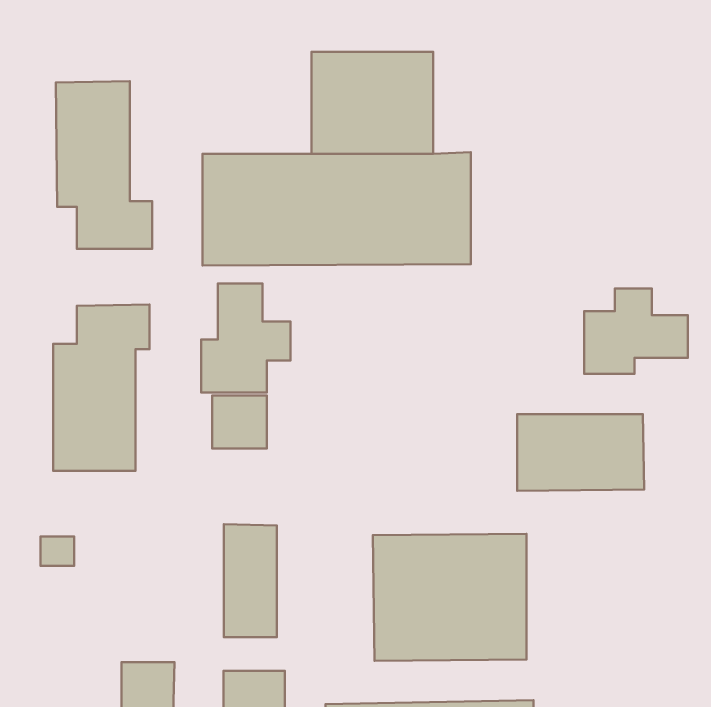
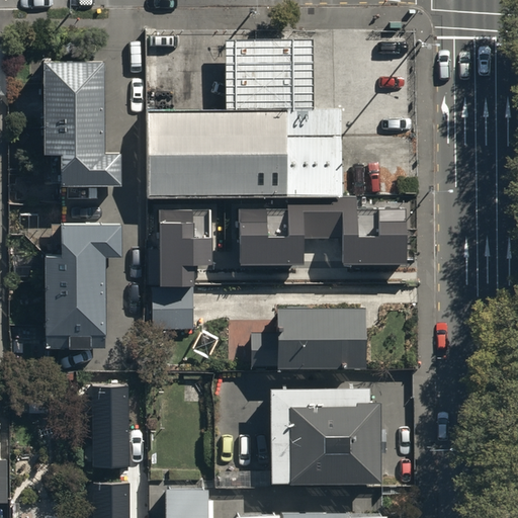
building: none -> [239,200,408,265]
building: [584,288,688,374] -> none
building: [517,414,644,491] -> [276,311,368,366]
building: [224,524,277,637] -> [91,387,130,469]

